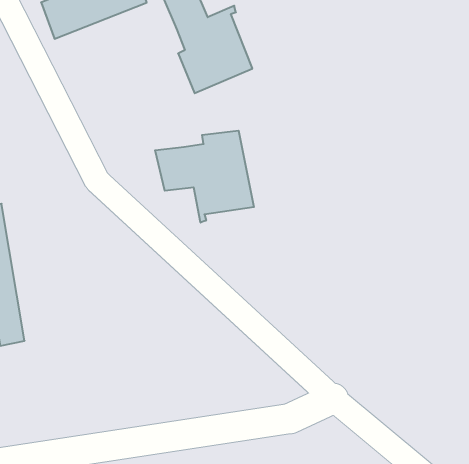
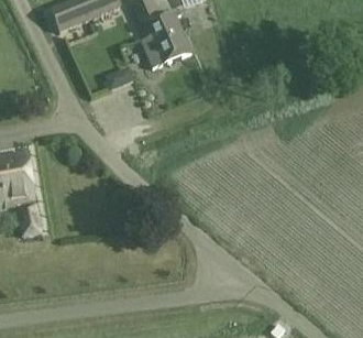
building: [155,131,254,223] -> none

